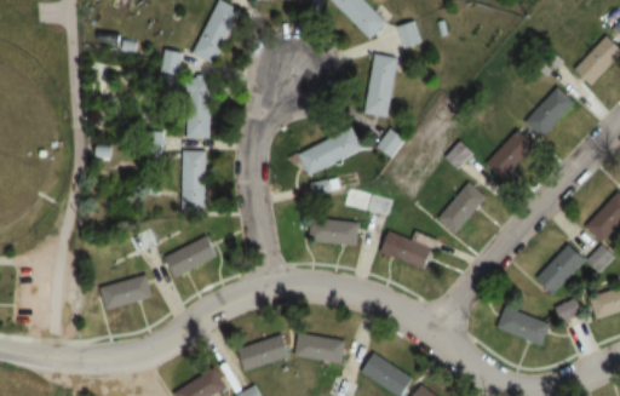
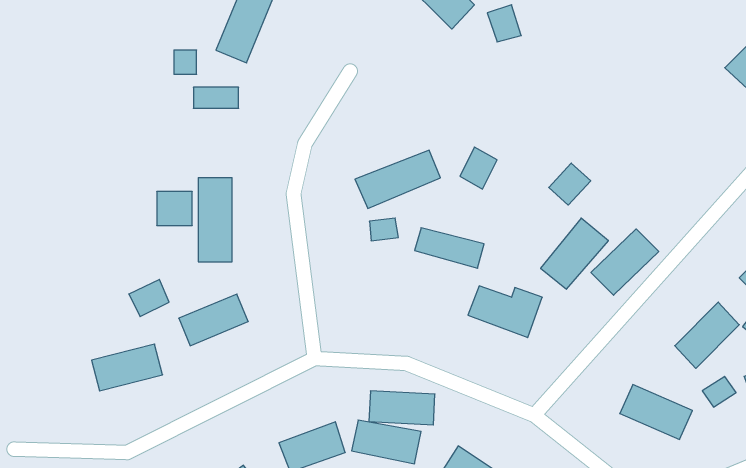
building: [362,53,396,117] -> none
building: [522,86,575,139] -> none
building: [183,114,209,139] -> [157,192,192,225]
building: [484,130,535,179] -> [591,229,659,295]
building: [308,219,357,245] -> [369,391,435,425]

